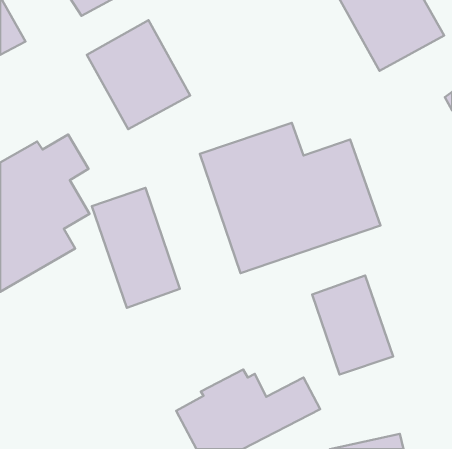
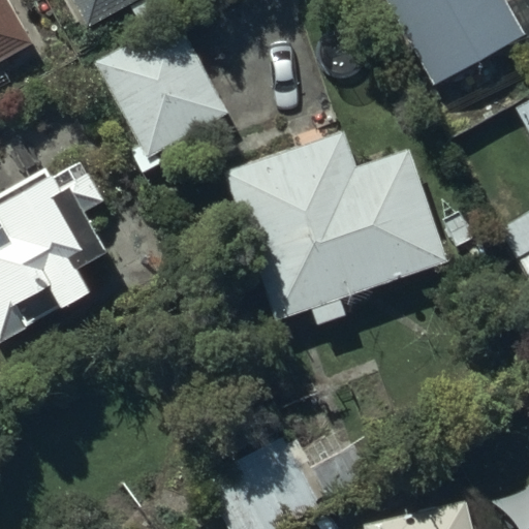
building: [92,188,180,308] -> none
building: [312,276,393,375] -> none

